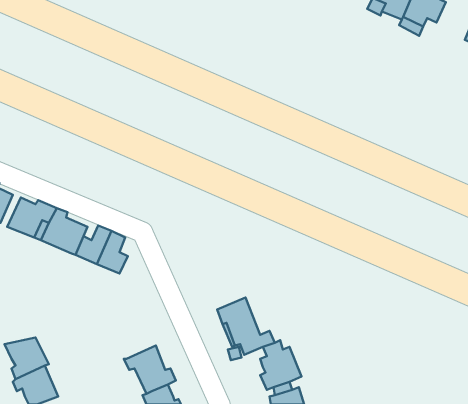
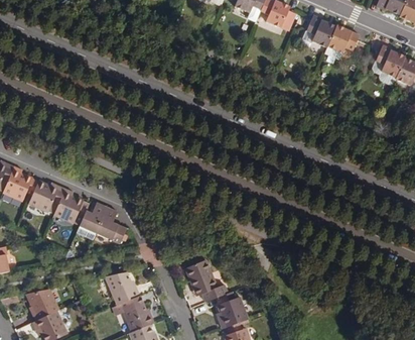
building: none -> [107,271,141,305]

